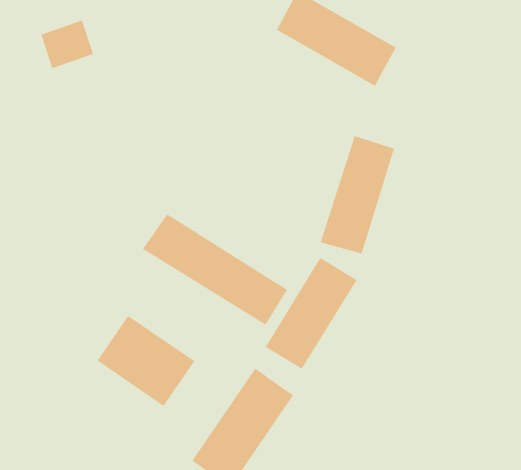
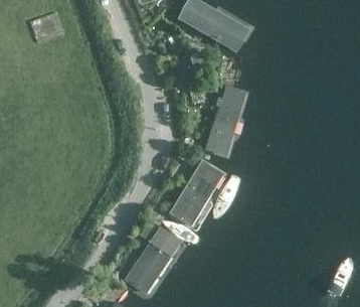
building: [142,214,288,326] -> none
building: [97,315,195,407] -> none

